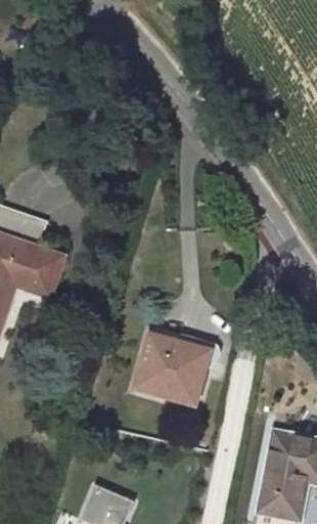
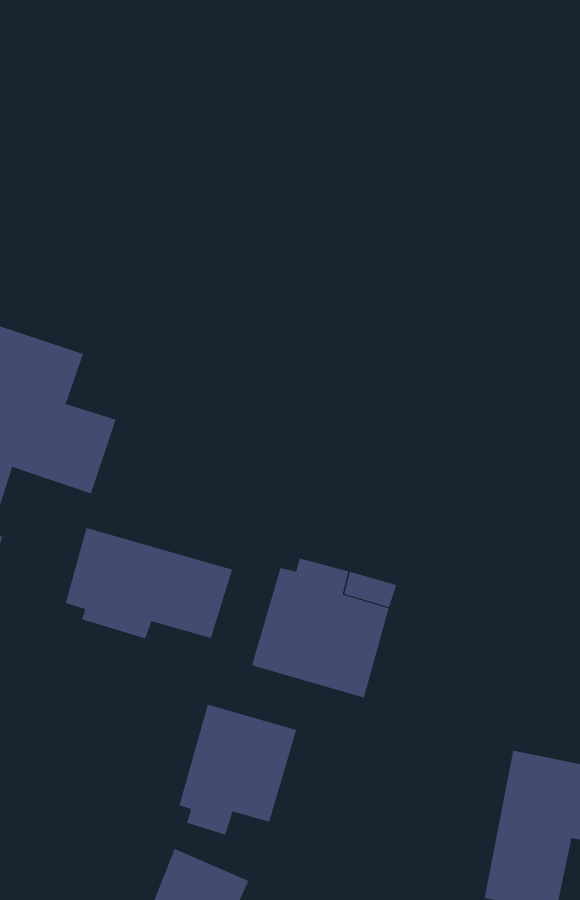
building: none -> [65,527,233,639]
building: none -> [179,704,297,835]

